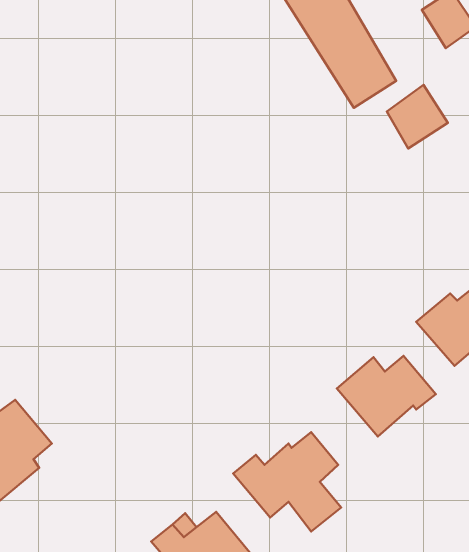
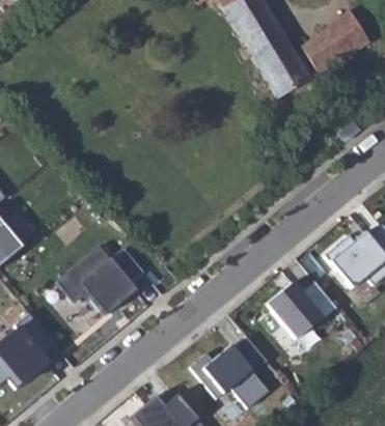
building: [387,85,448,148] -> [302,26,347,73]
building: none -> [57,244,138,313]

